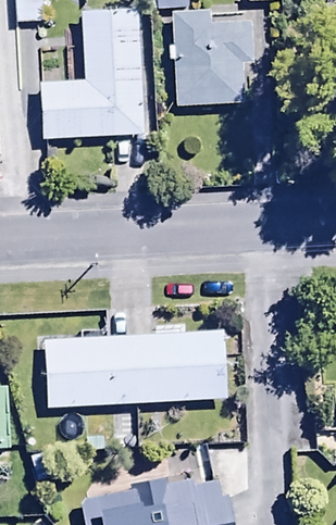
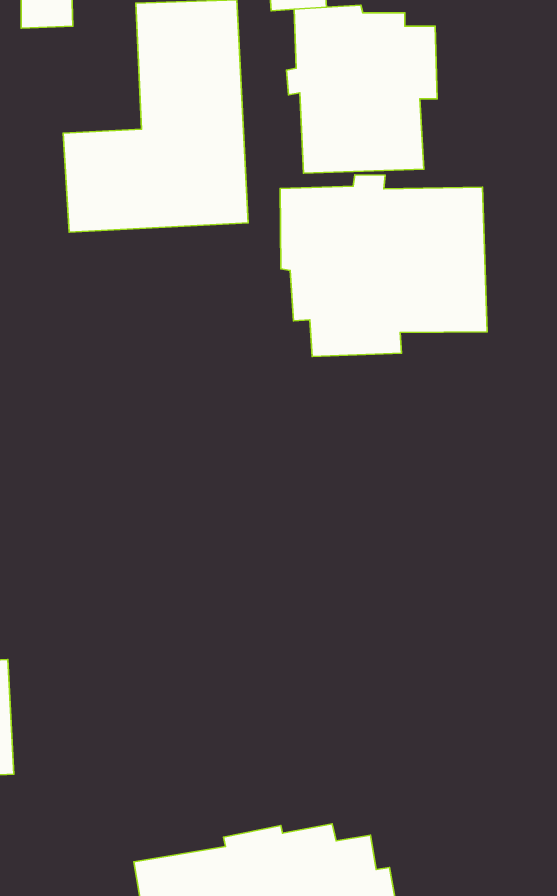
building: none -> [280,175,487,356]
building: [43,329,228,408] -> none

